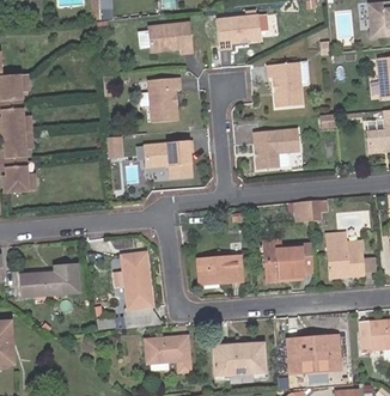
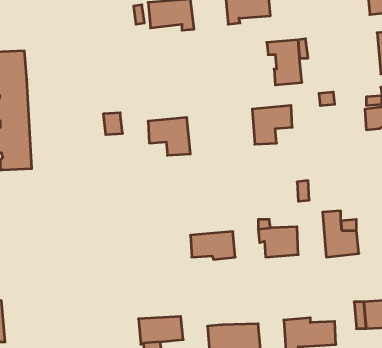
building: [145,73,177,117] -> none
building: [118,254,150,316] -> none
building: [14,266,73,298] -> none

